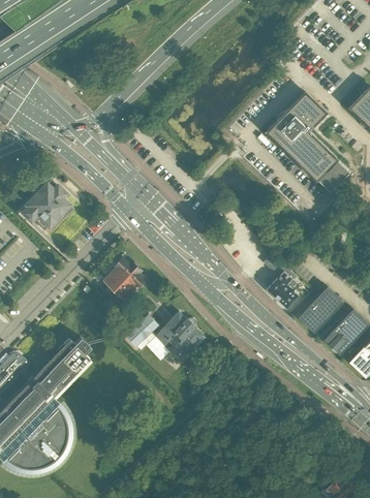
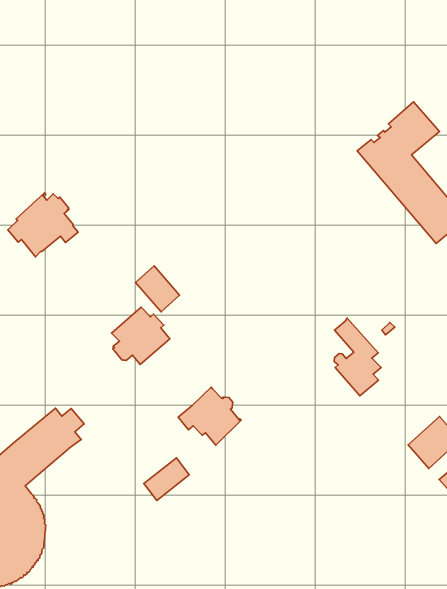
building: none -> [136,266,180,312]
building: [299,294,336,333] -> none
building: [127,314,159,346] -> [144,458,189,501]

